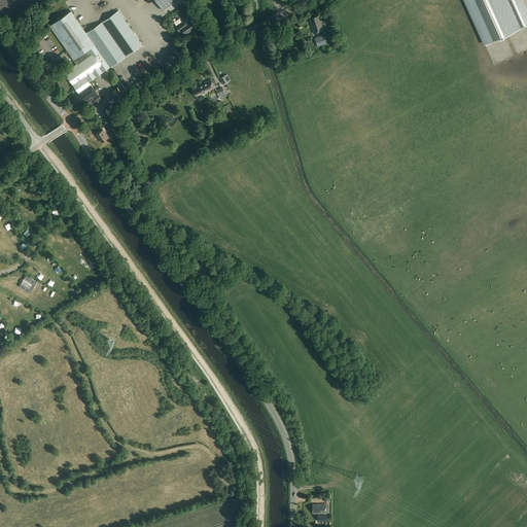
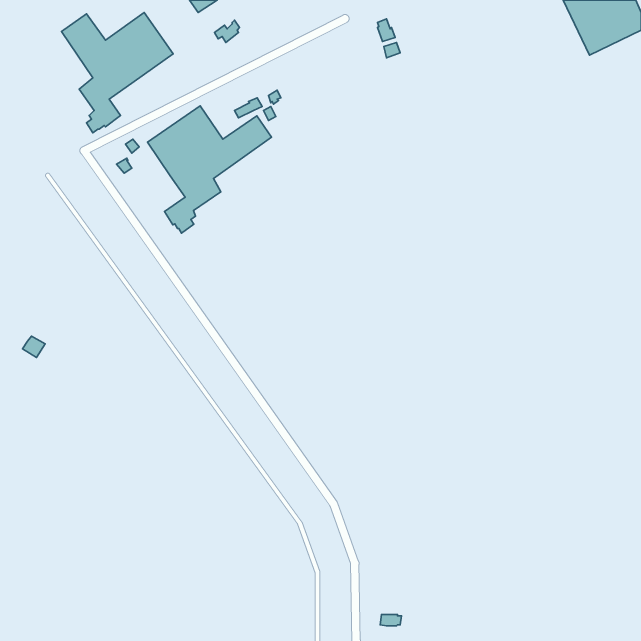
building: none -> [148,106,271,233]

